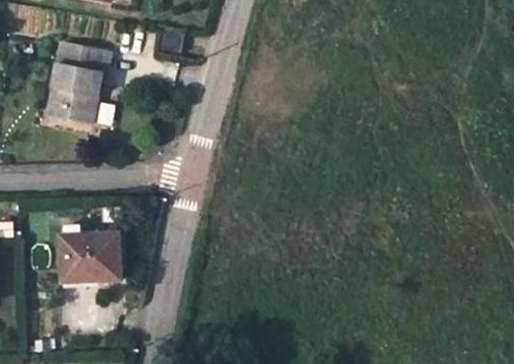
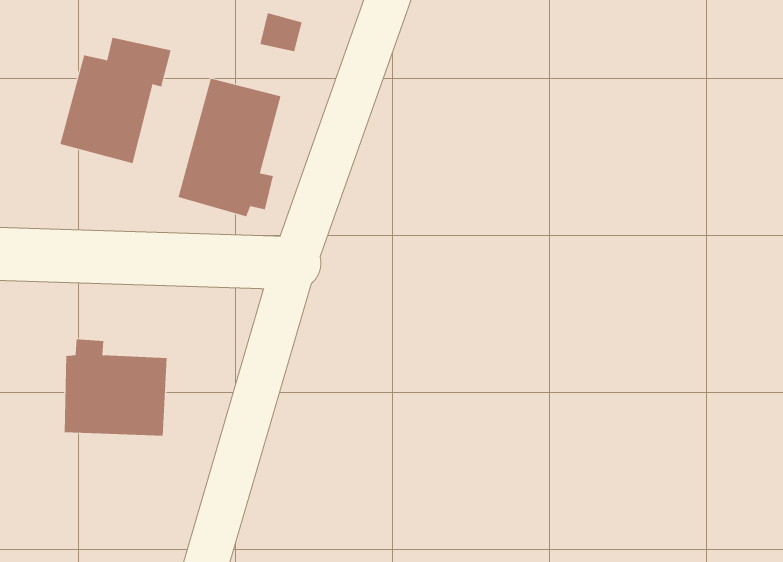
building: none -> [178,78,281,217]

